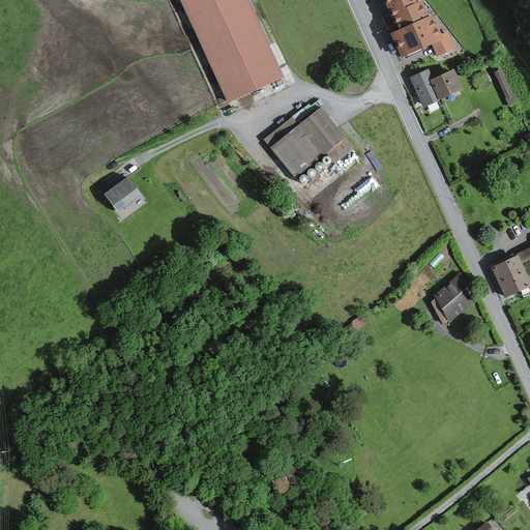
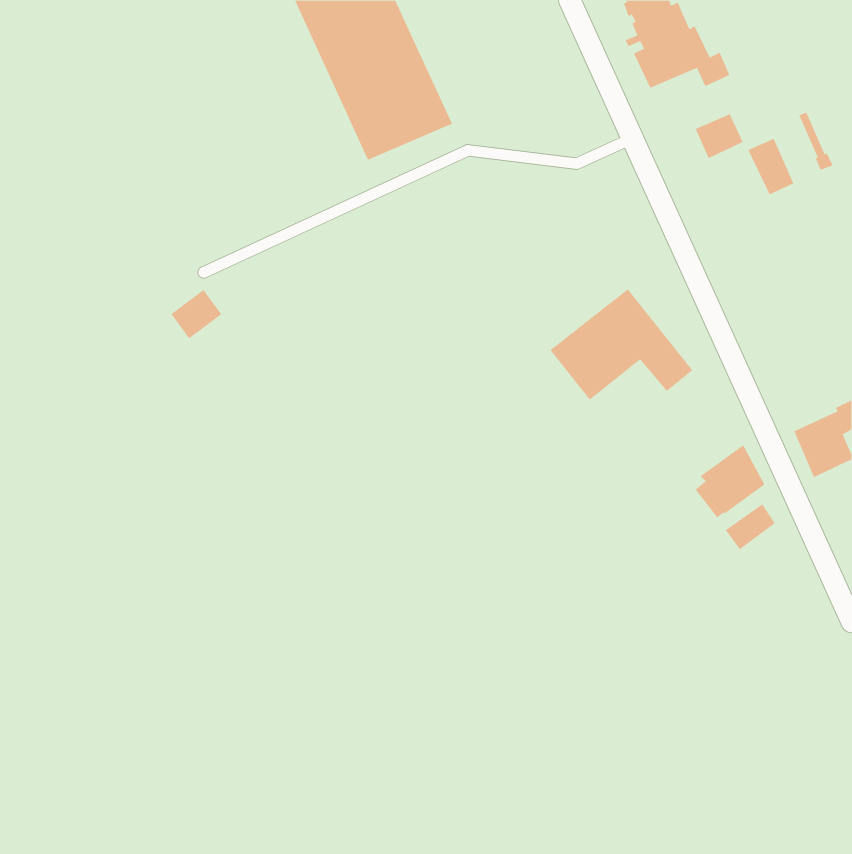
building: [410,70,439,106] -> [747,138,794,195]
building: [272,108,361,177] -> [550,288,693,400]
building: none -> [725,504,775,550]

